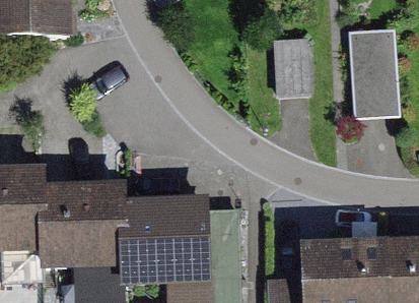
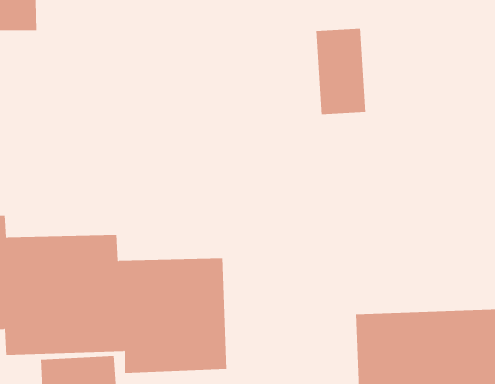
building: [348,28,400,117] -> none

